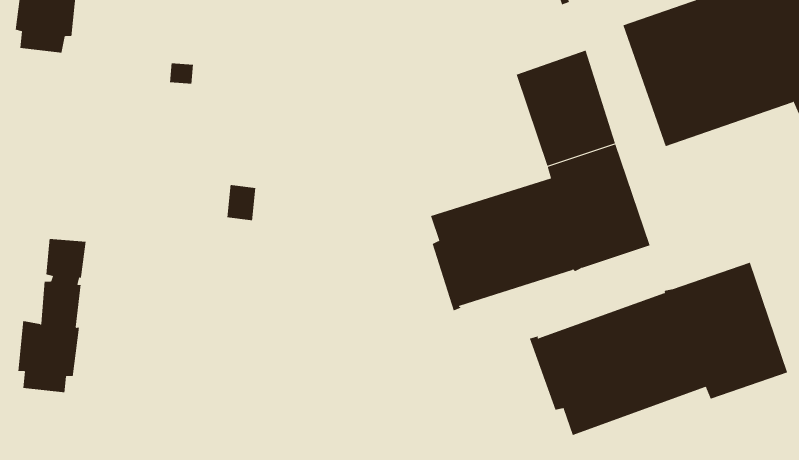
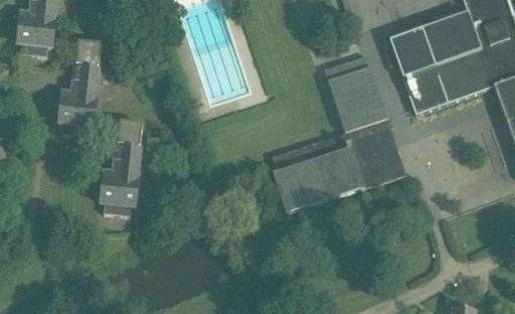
building: none -> [59,40,101,135]
building: [18,238,87,393] -> [101,120,143,214]
building: [529,262,788,436] -> none

